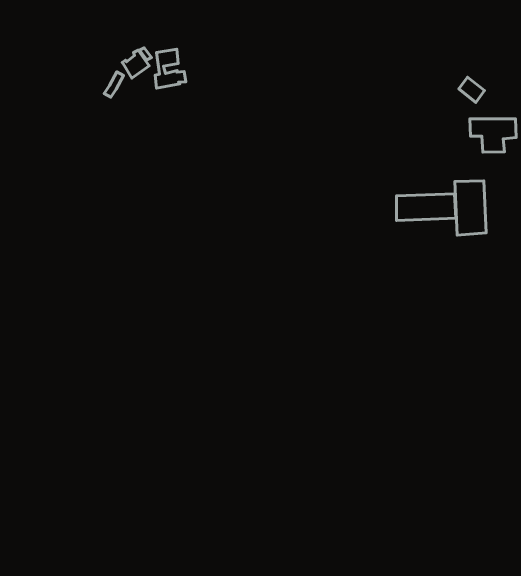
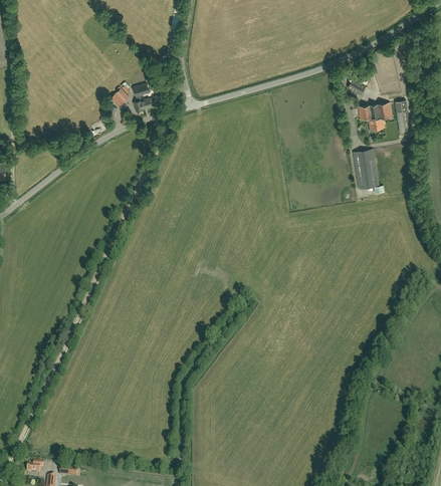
building: [396,194,456,221] -> none

